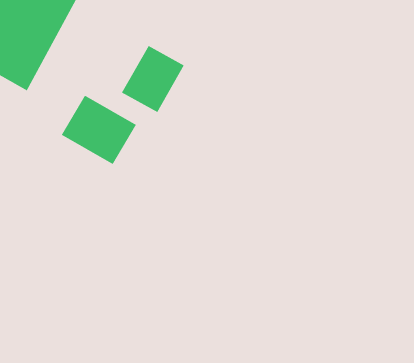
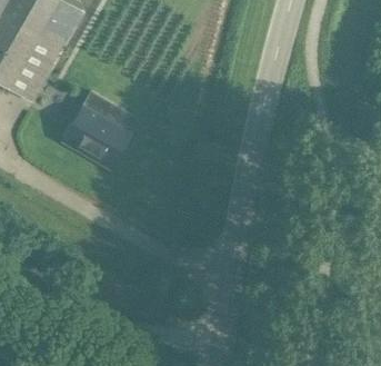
building: [121,45,185,113] -> none

